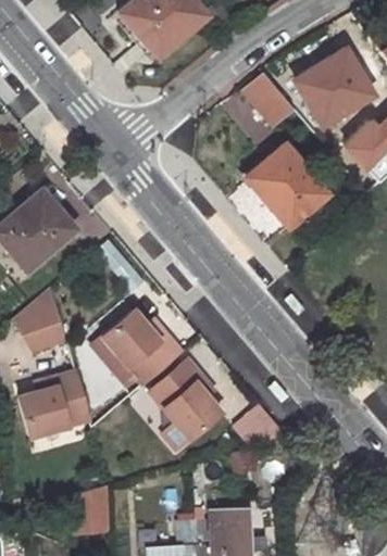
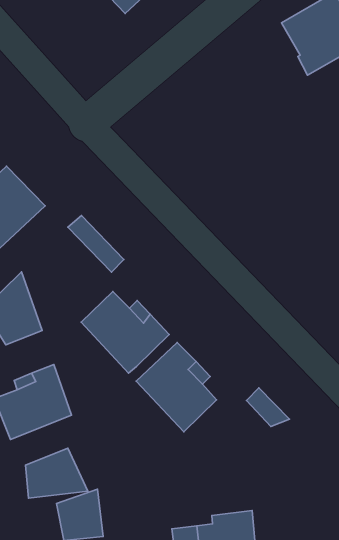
building: [238,76,295,135] -> none
building: [248,143,329,227] -> none
building: none -> [25,448,88,498]

